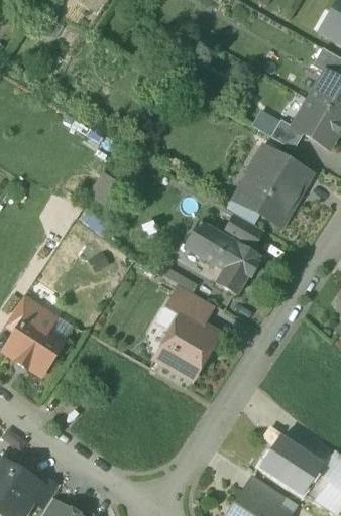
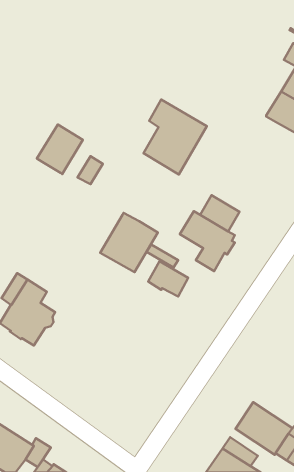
building: [271,119,304,149] -> none
building: none -> [37,124,83,174]
building: [243,145,312,227] -> [143,99,207,175]
building: [185,221,215,255] -> none
building: [155,313,218,378] -> [100,213,158,272]

